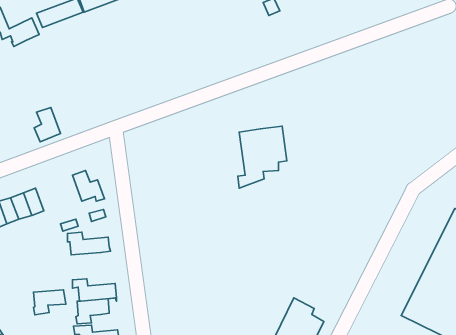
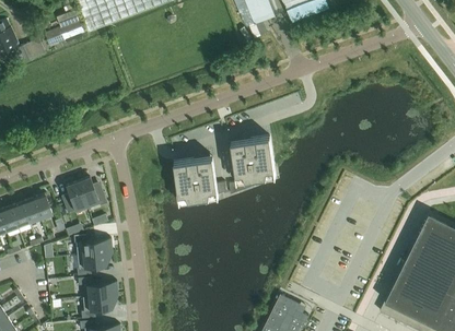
building: [34,107,60,142] -> [62,182,86,214]
building: none -> [174,157,228,200]
building: [34,290,66,315] -> [77,253,106,276]

